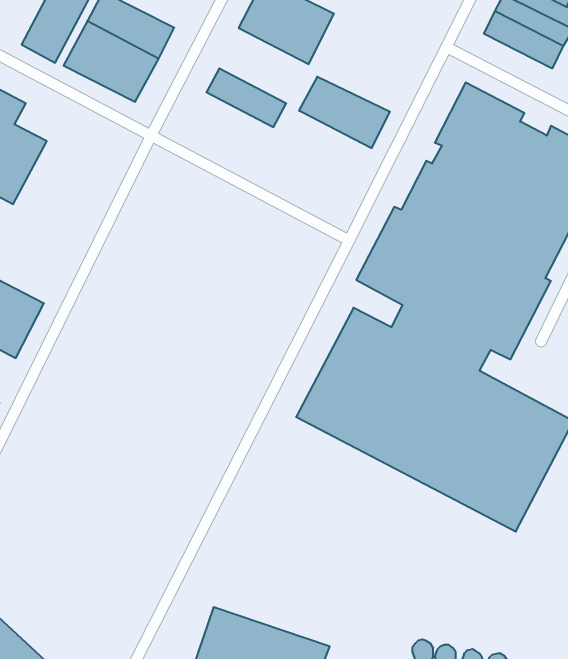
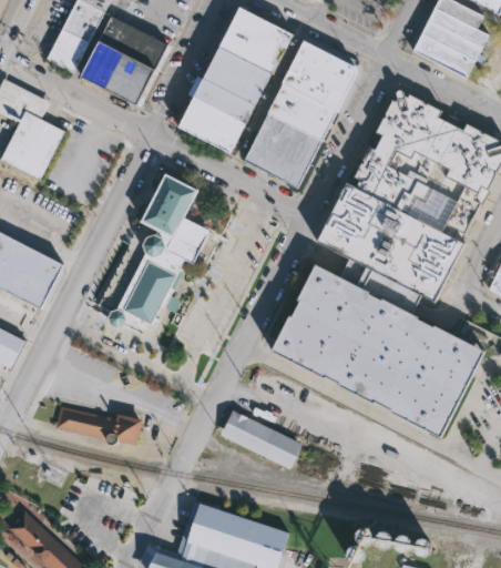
building: none -> [280,39,358,111]
building: none -> [203,44,274,104]
building: none -> [177,95,246,153]
building: none -> [244,111,324,187]
building: none -> [105,175,209,333]
building: none -> [57,407,141,447]
building: none -> [221,410,300,467]

